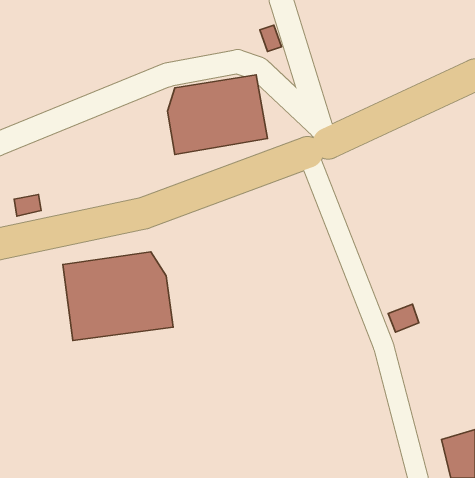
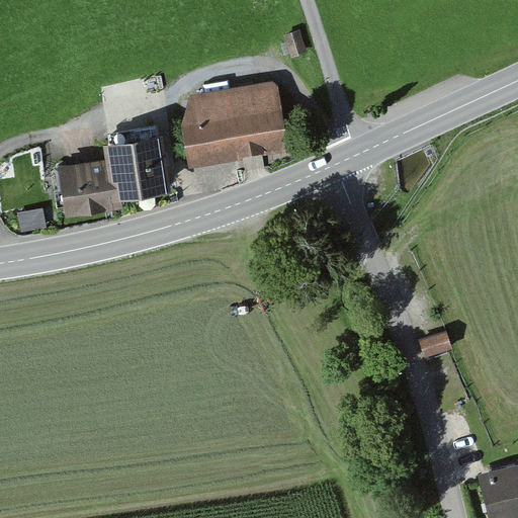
building: none -> [58,133,170,217]
building: [63,252,173,340] -> none

